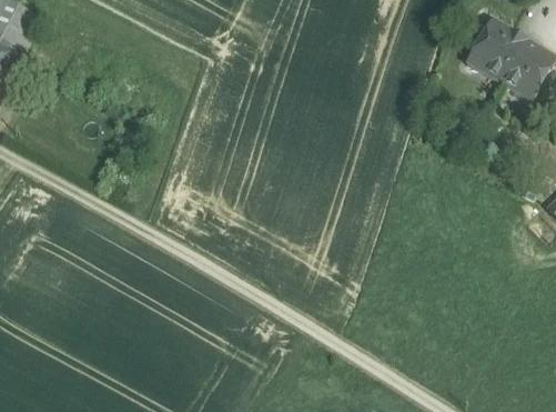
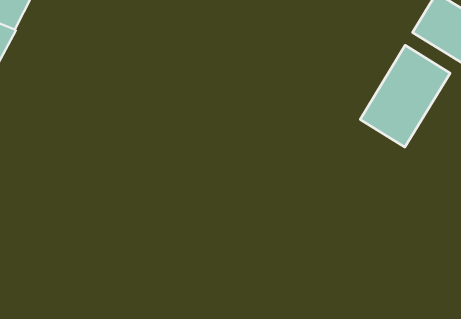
building: none -> [360,45,450,147]

